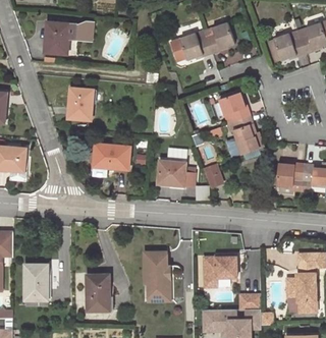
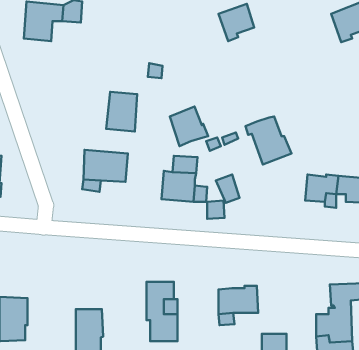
building: [169,31,212,61] -> none
building: [272,31,305,60] -> none
building: [67,88,93,120] -> [106,92,137,131]
building: [218,91,250,123] -> [170,107,208,146]

